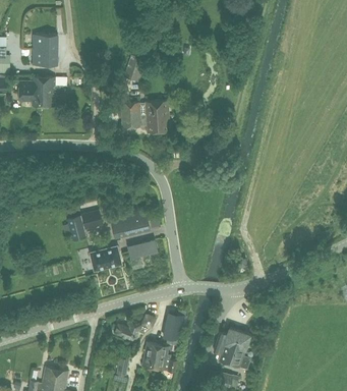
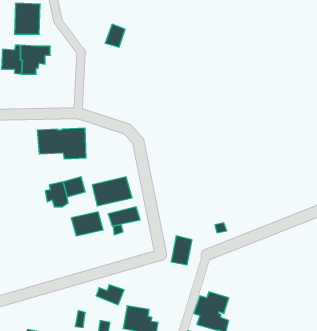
building: [119,101,169,132] -> [37,128,86,159]
building: [162,312,183,341] -> [171,236,192,265]

